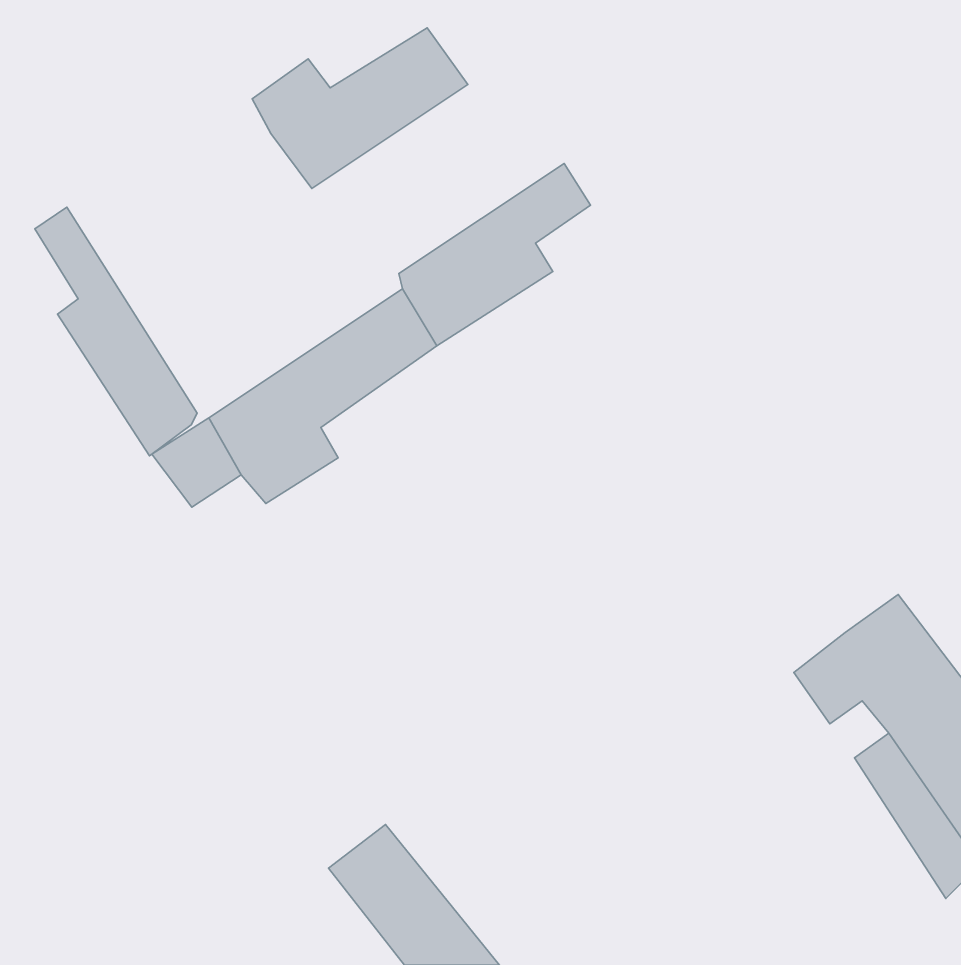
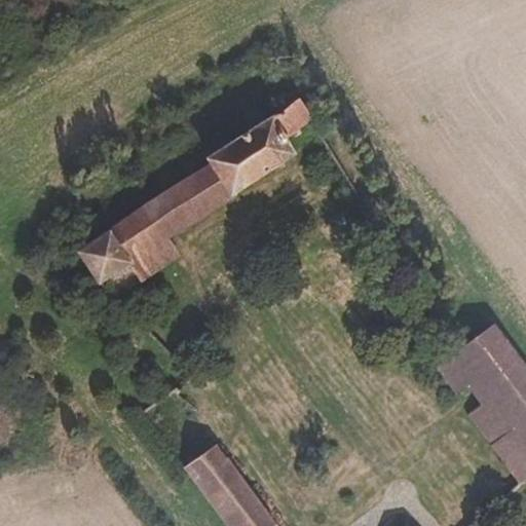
building: [252,28,468,189] -> none
building: [35,207,197,456] -> none

